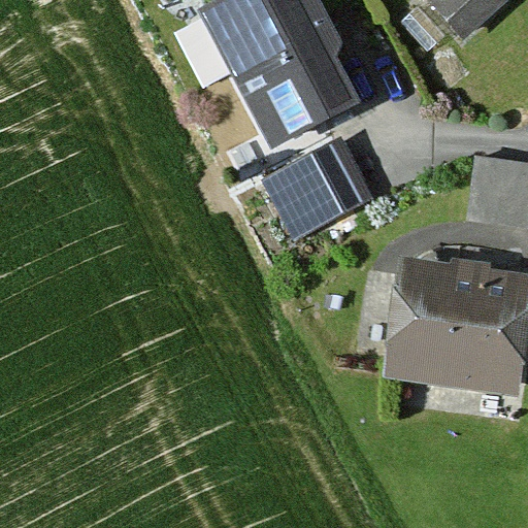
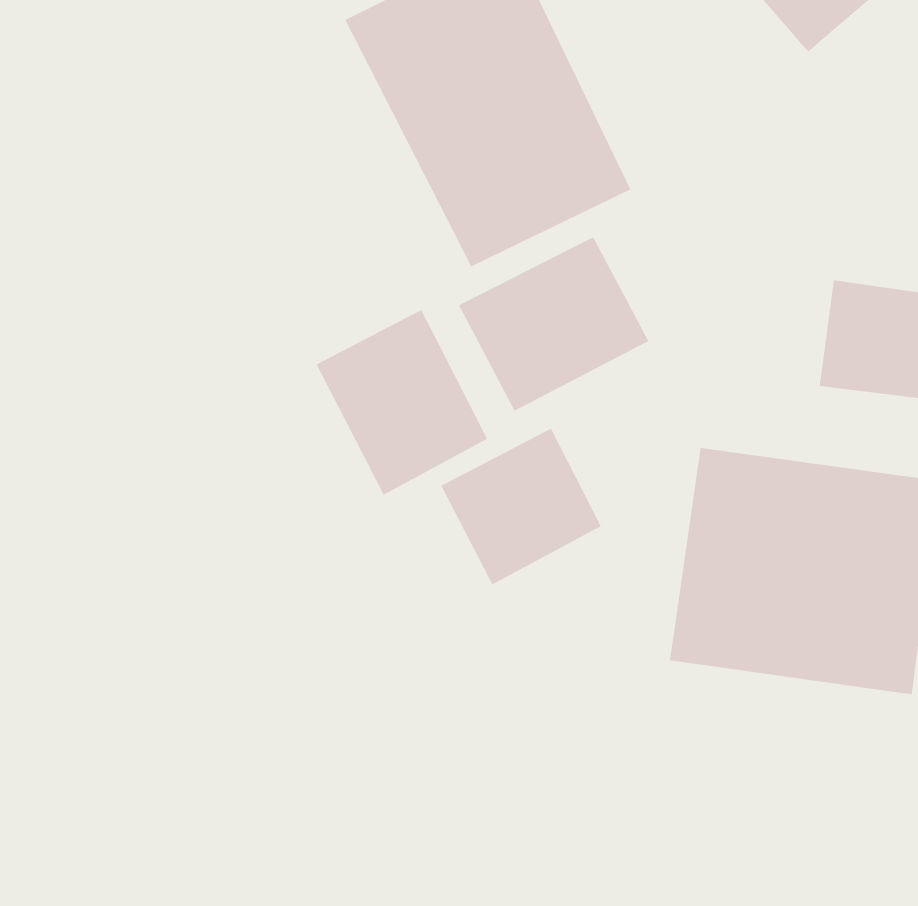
building: none -> [316,309,488,496]
building: none -> [441,428,601,585]

